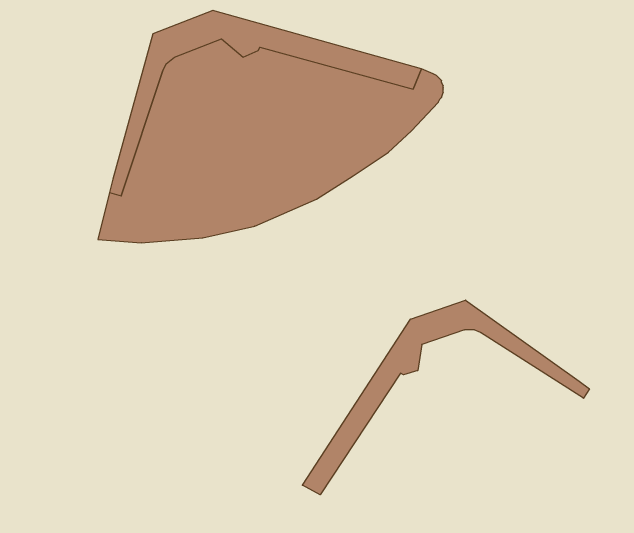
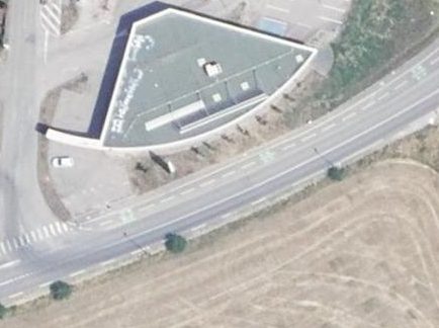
building: [302,300,589,495] -> none

